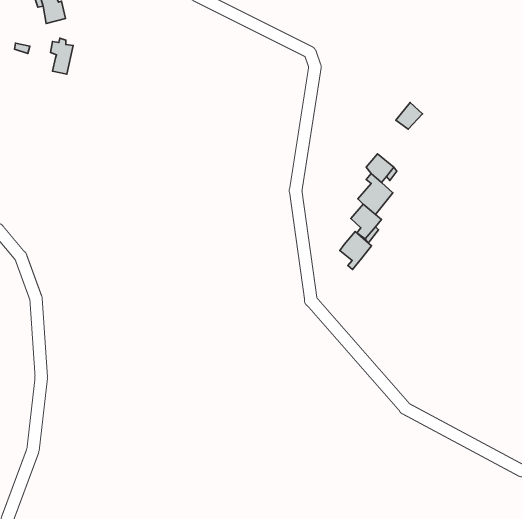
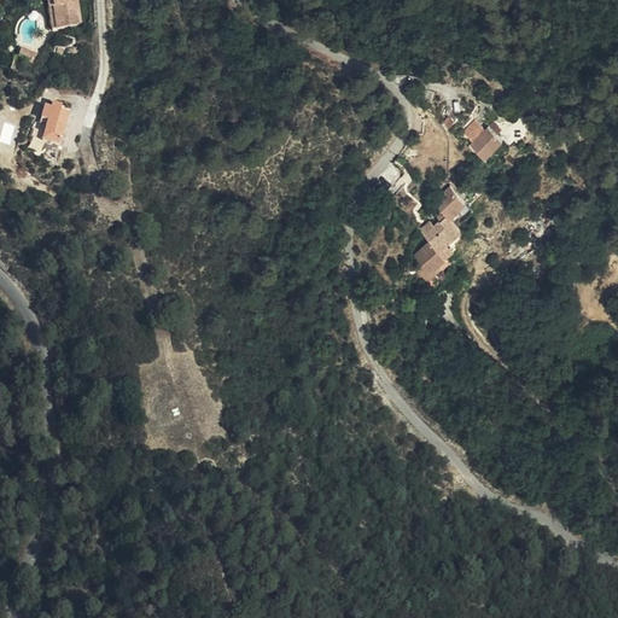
building: [50,38,73,74] -> [41,105,68,147]
building: [340,232,371,270] -> none

